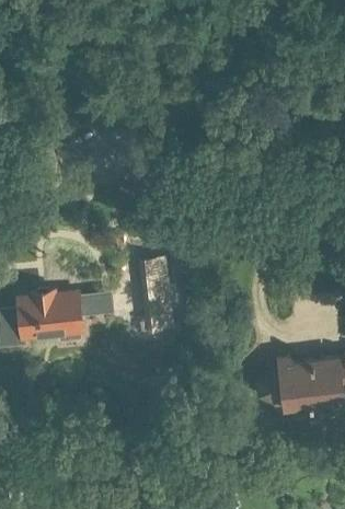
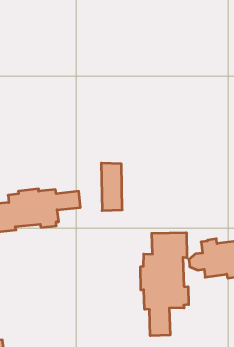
building: none -> [141,233,189,336]

